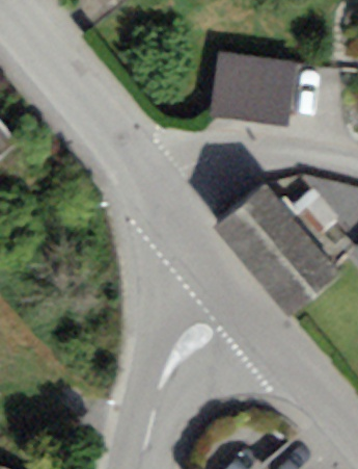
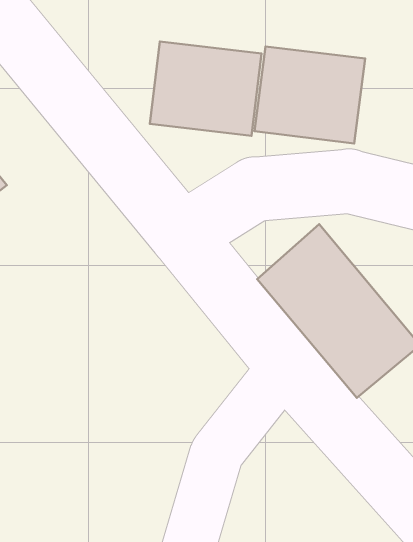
building: none -> [150,42,261,136]

